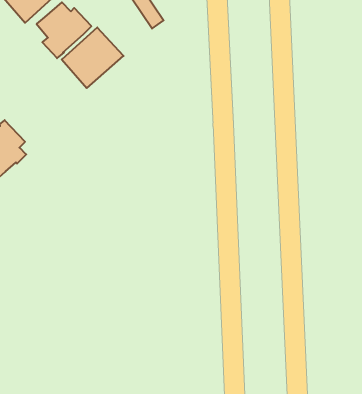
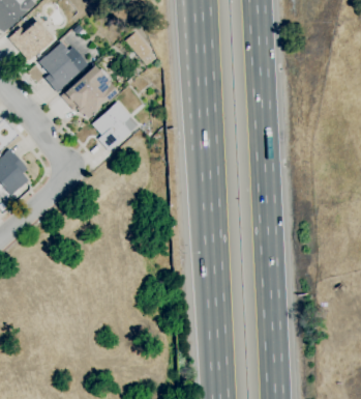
building: none -> [92,101,139,151]

